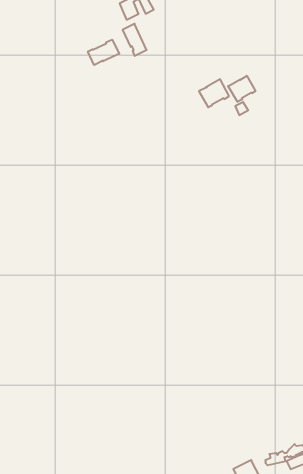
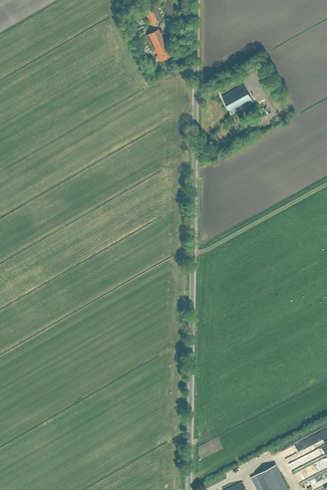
building: [88,40,119,65] -> none
building: [228,76,255,102] -> none

